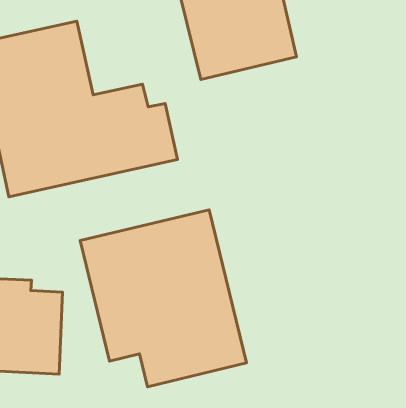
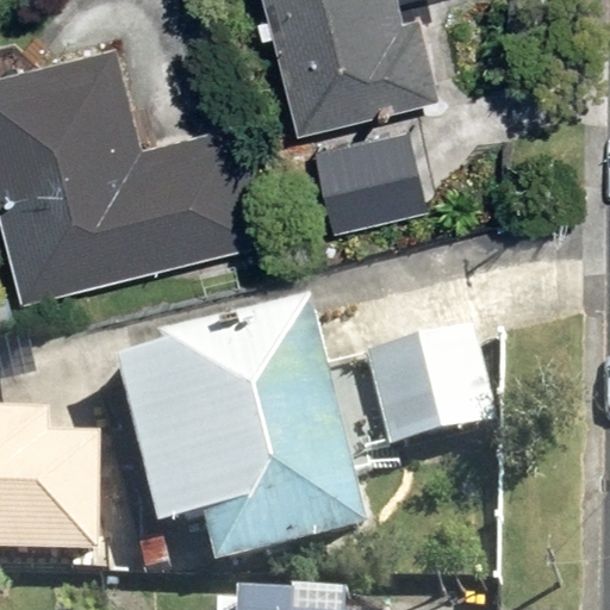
building: none -> [306,107,473,235]
building: none -> [369,336,490,444]

